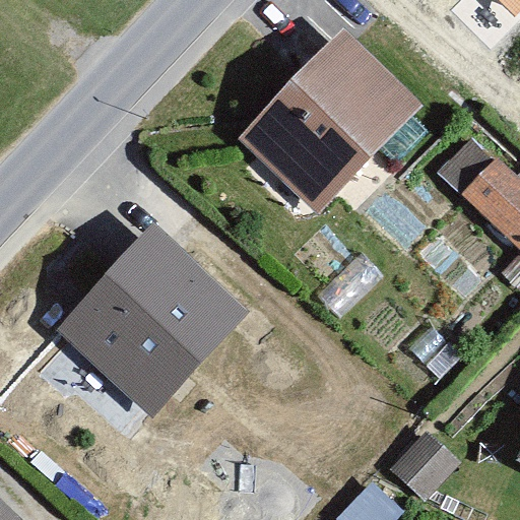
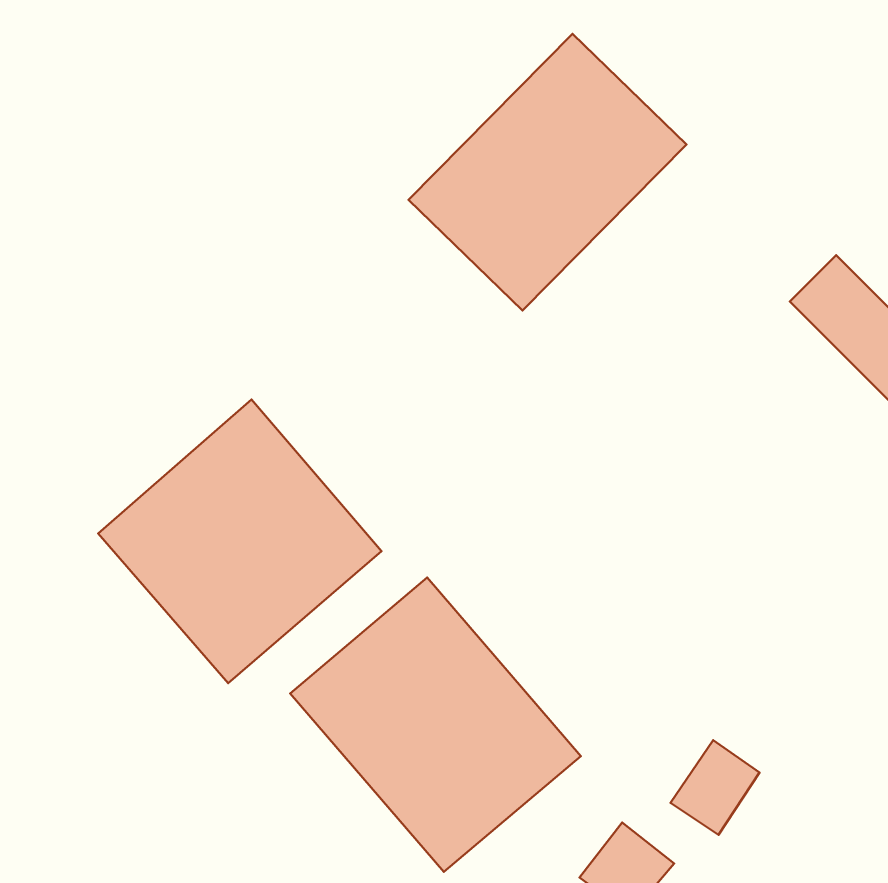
building: none -> [290,578,581,872]

